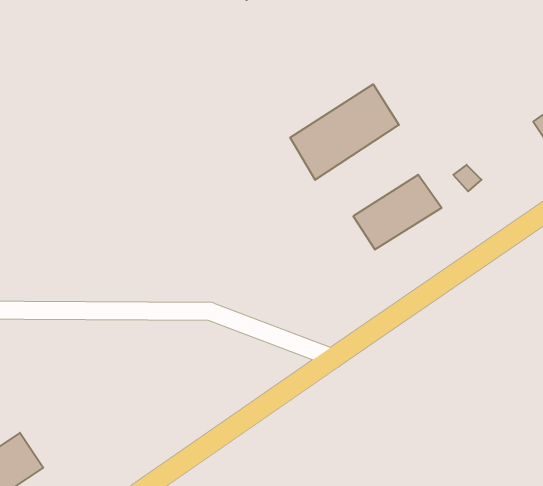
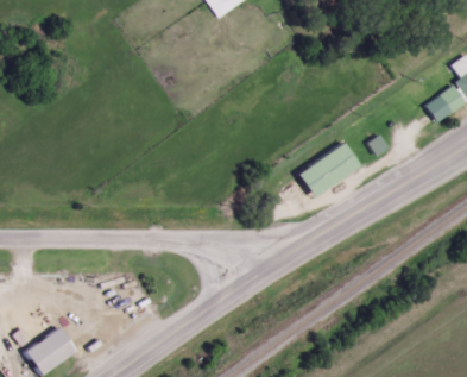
building: [290,84,399,180] -> none

